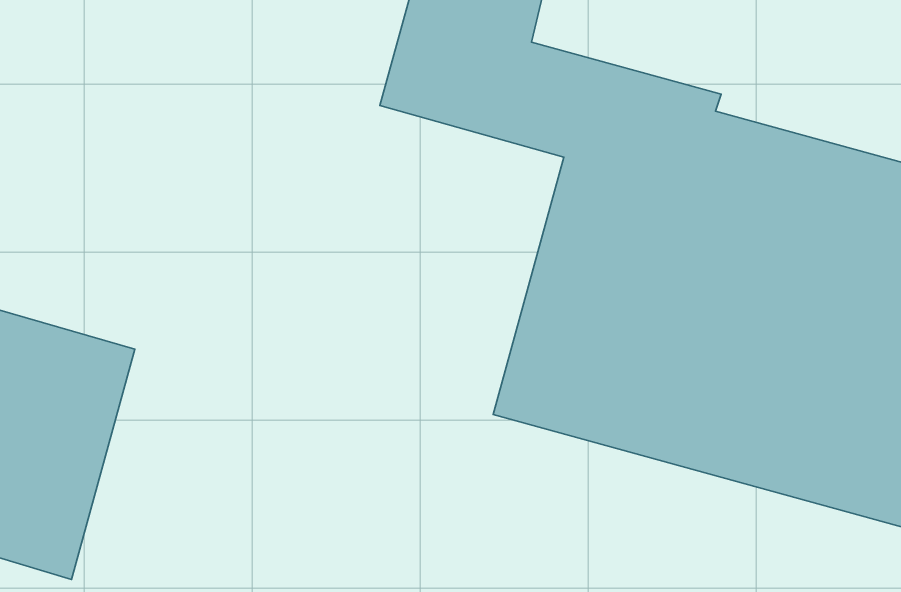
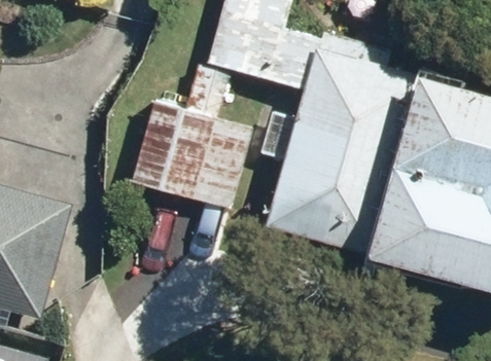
building: none -> [132,101,254,210]

